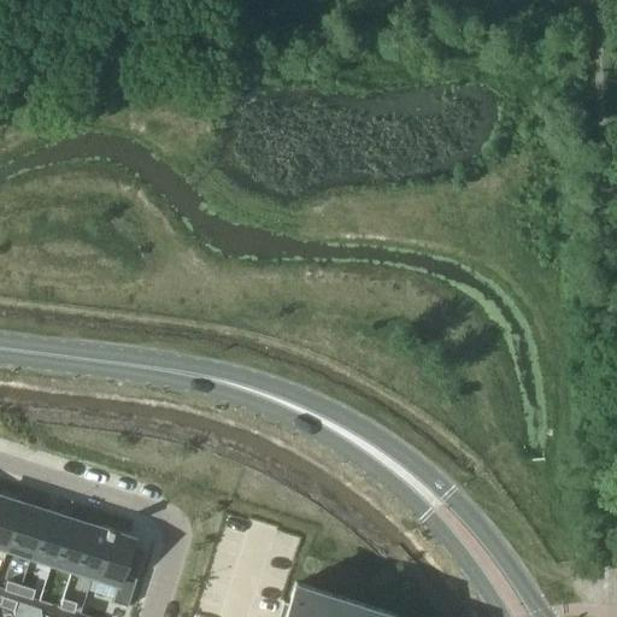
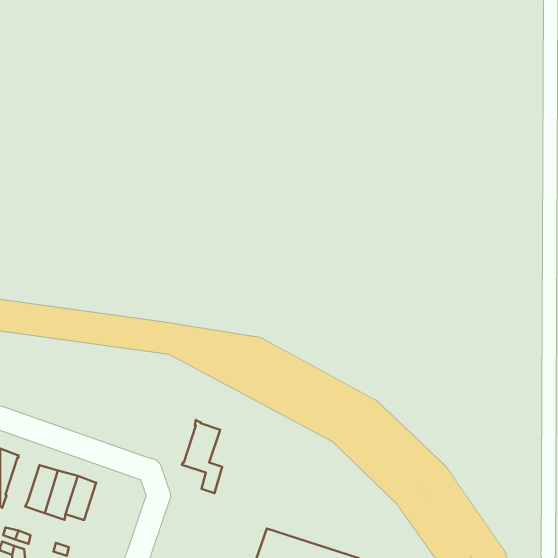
building: [7,505,45,554] -> none
building: [92,527,136,607] -> [182,420,222,493]

